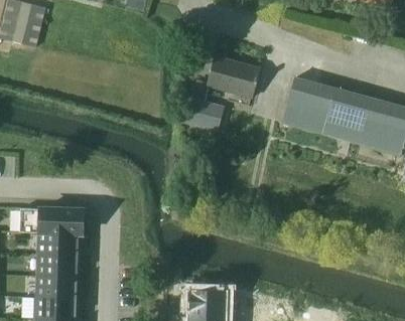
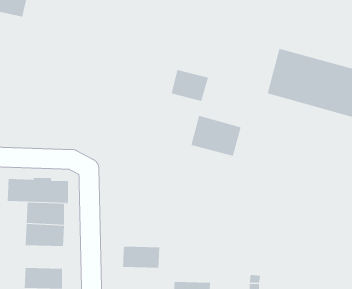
building: [207,55,258,97] -> [190,115,241,156]
building: [37,275,77,298] -> none
building: [187,290,226,312] -> [122,246,160,268]

